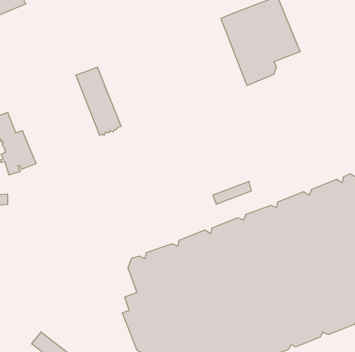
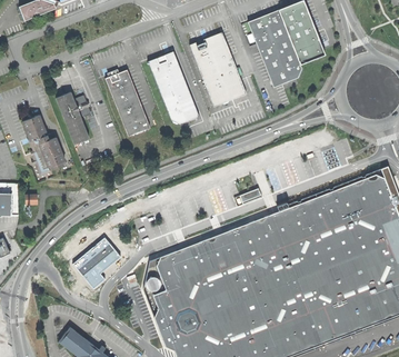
building: none -> [190,31,247,106]
building: none -> [148,50,199,123]
building: none -> [56,90,91,143]
building: none -> [73,237,121,288]

